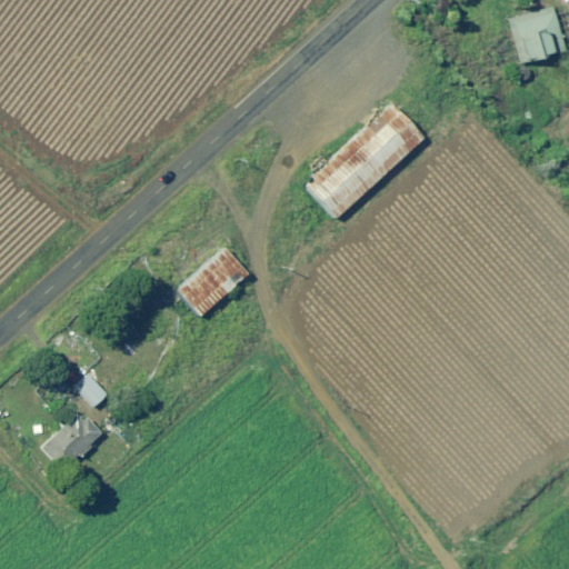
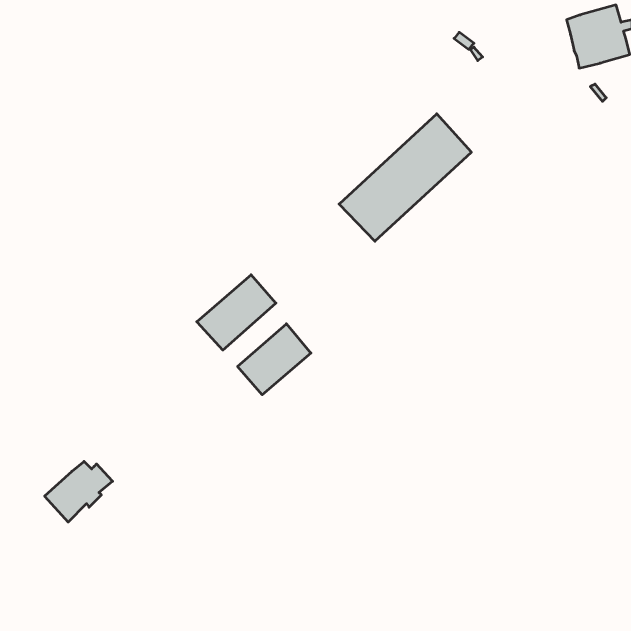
building: none -> [238,324,311,395]
building: [74,375,107,408] -> none

